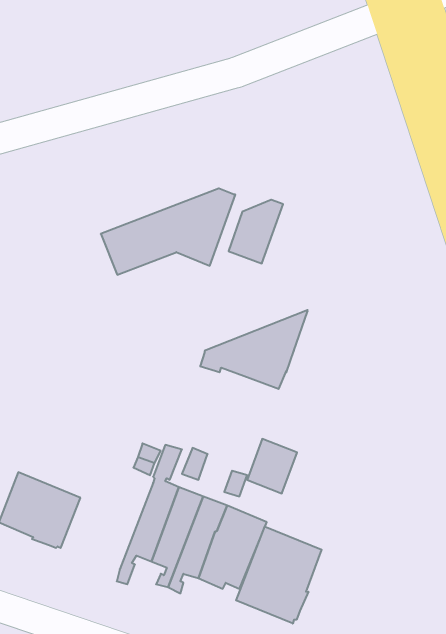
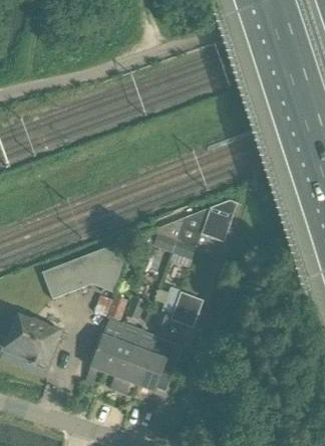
building: [101,188,235,275] -> [41,242,130,299]
building: [229,200,283,263] -> [201,200,237,242]
building: [236,526,322,624] -> none

